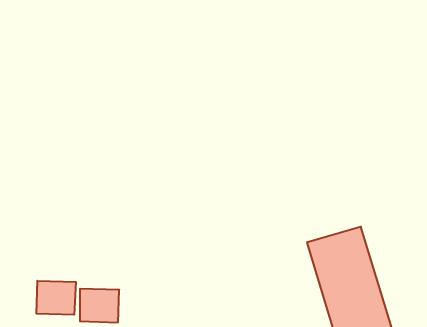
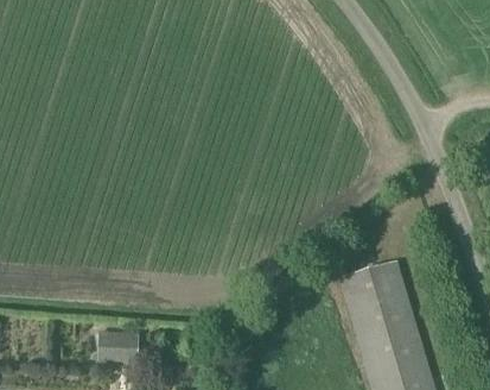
building: [37,281,76,315] -> none

